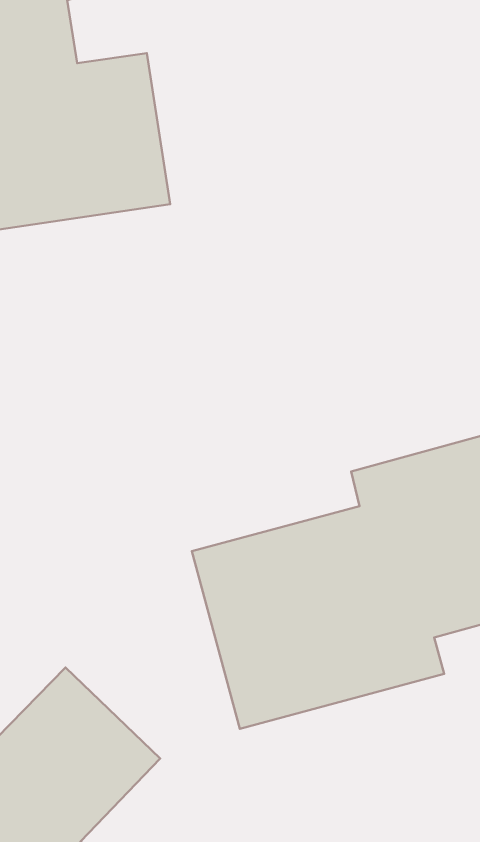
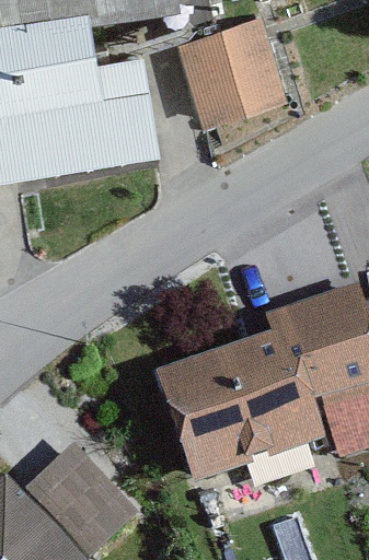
building: none -> [178,12,285,121]

